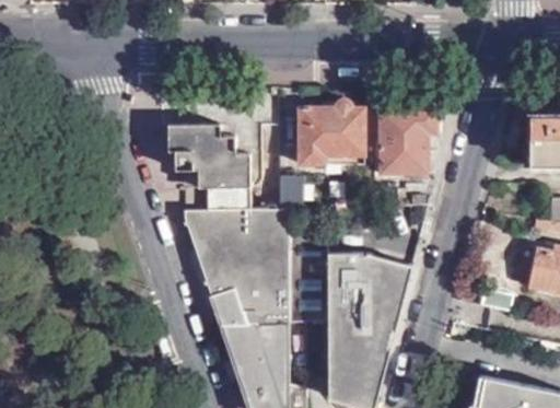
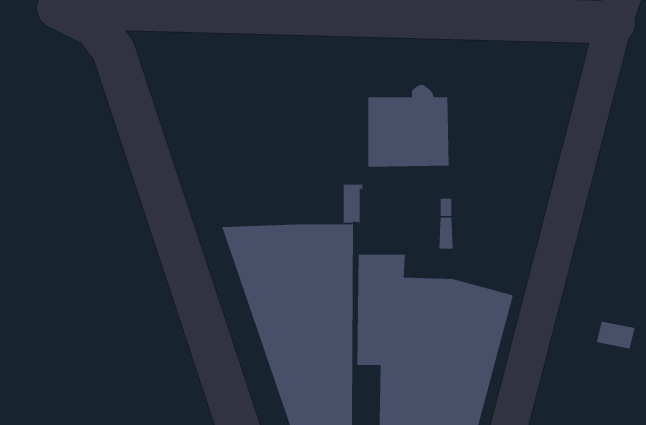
building: [366,108,435,174] -> none
building: [164,127,248,213] -> none

